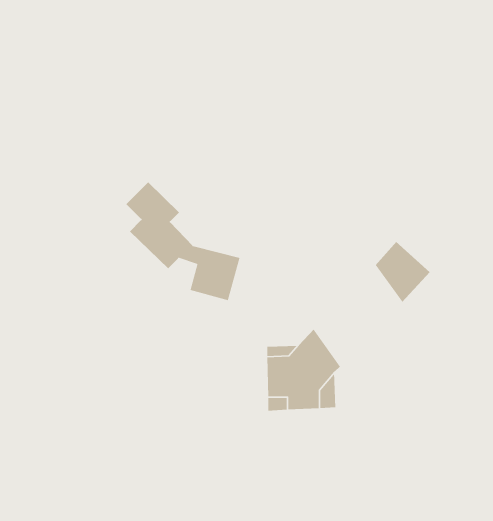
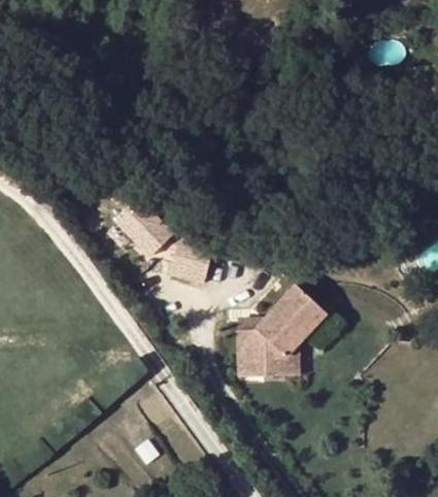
building: [375,241,431,303] -> [278,284,327,337]

